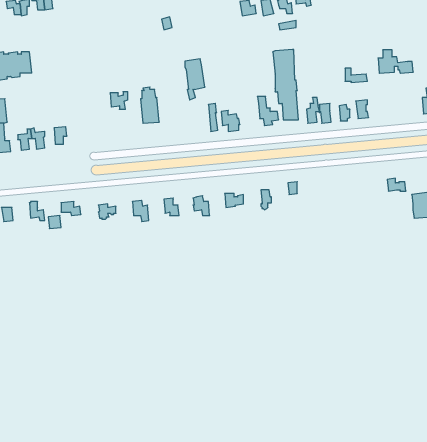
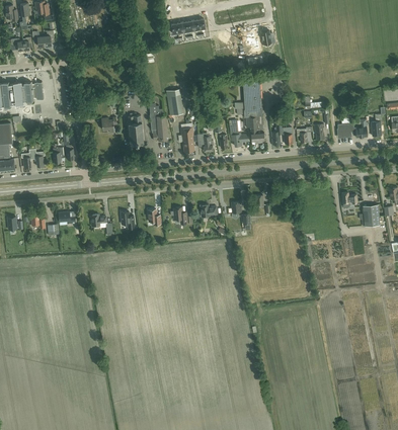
building: [378,50,413,73] -> [337,117,368,138]
building: none -> [150,104,168,141]

